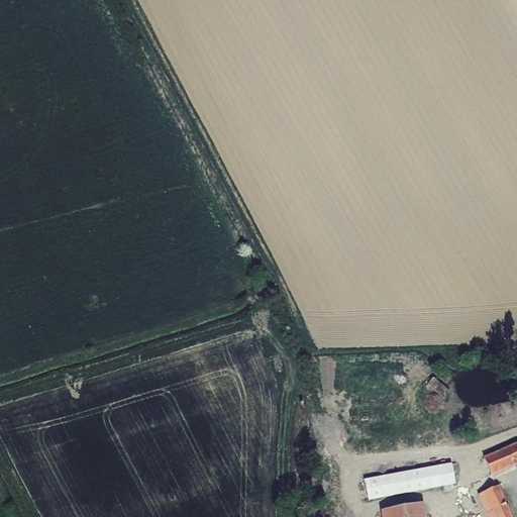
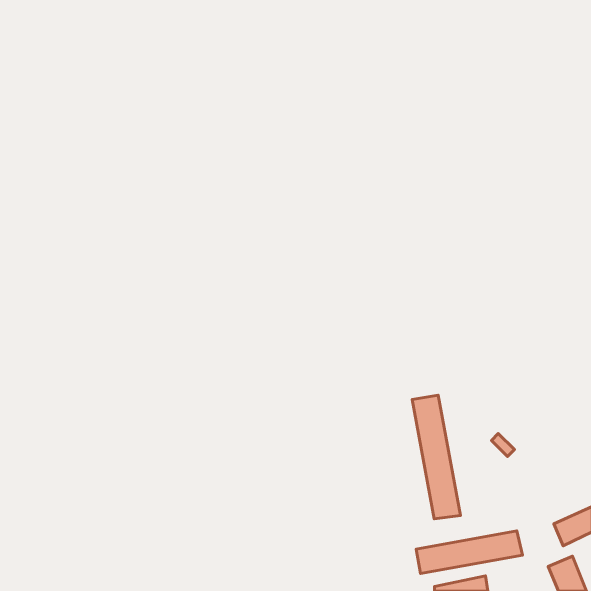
building: none -> [412,395,461,519]

